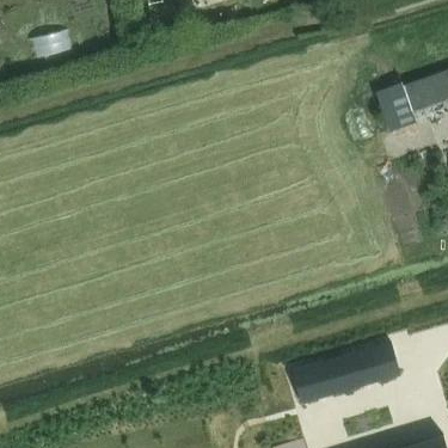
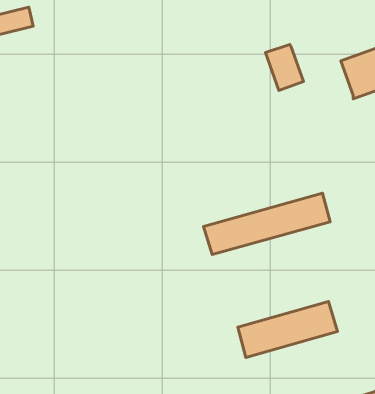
building: [375,82,416,131] -> [265,45,303,90]
building: none -> [204,193,330,255]

